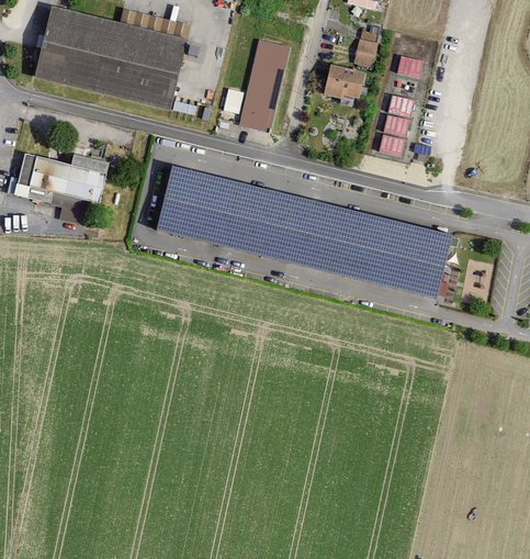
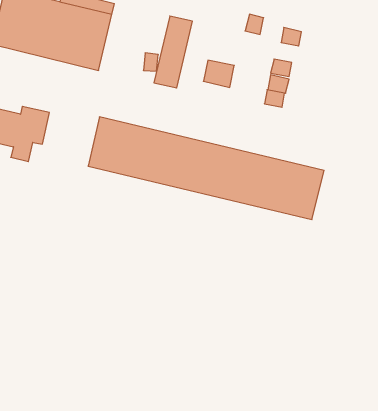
building: [324,65,362,99] -> [203,60,234,87]

